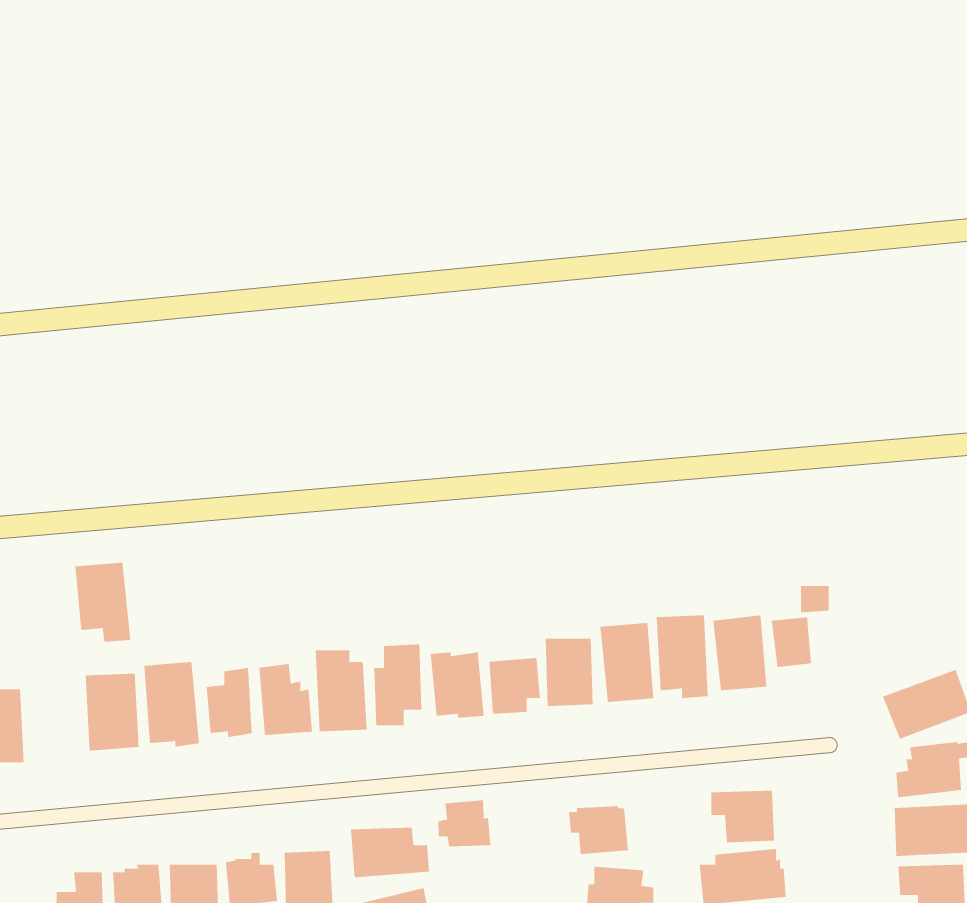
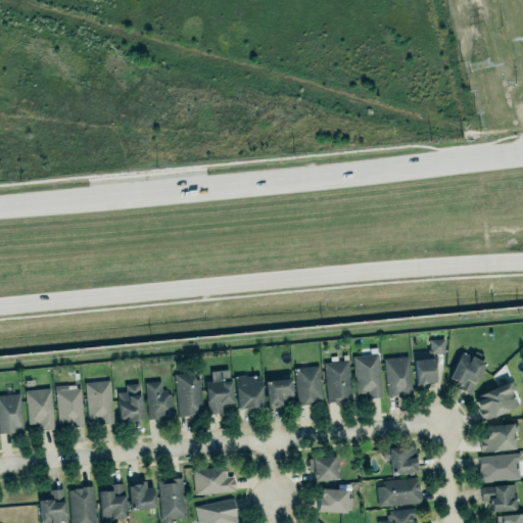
building: [75,562,131,642] -> [26,388,55,430]
building: none -> [450,351,486,394]
building: [438,800,491,847] -> none

